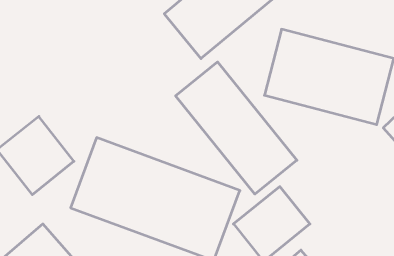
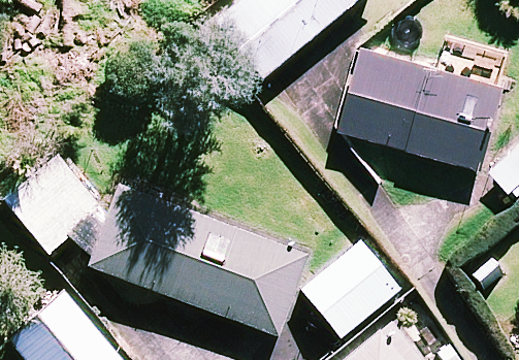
building: [176,62,297,194] -> none

